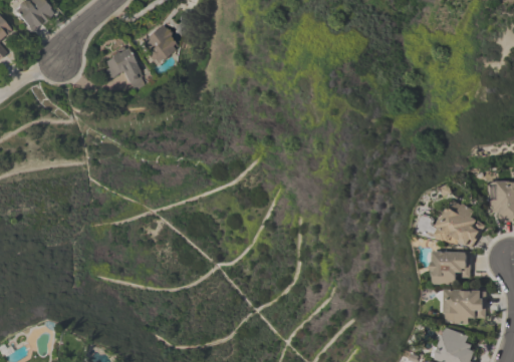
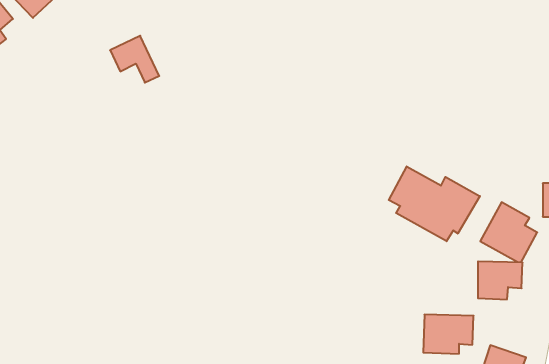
building: [140,22,182,65] -> none
building: none -> [389,166,480,241]
building: [443,289,488,324] -> [423,315,474,354]

